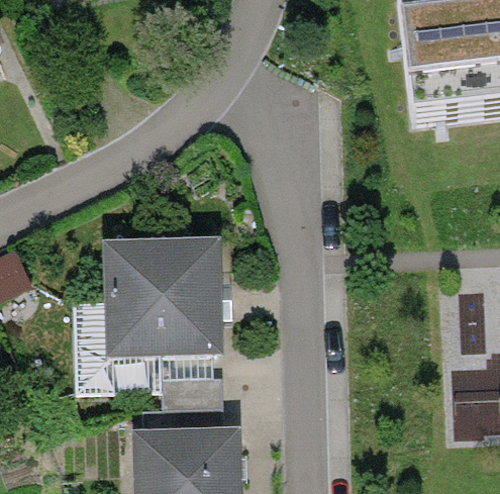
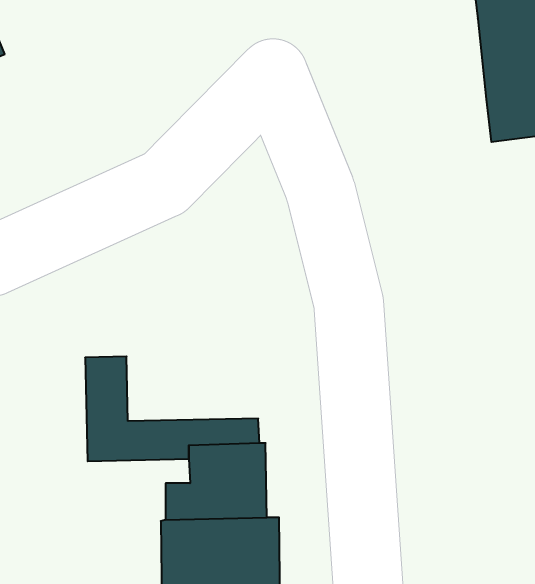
building: [110,241,220,353] -> none

